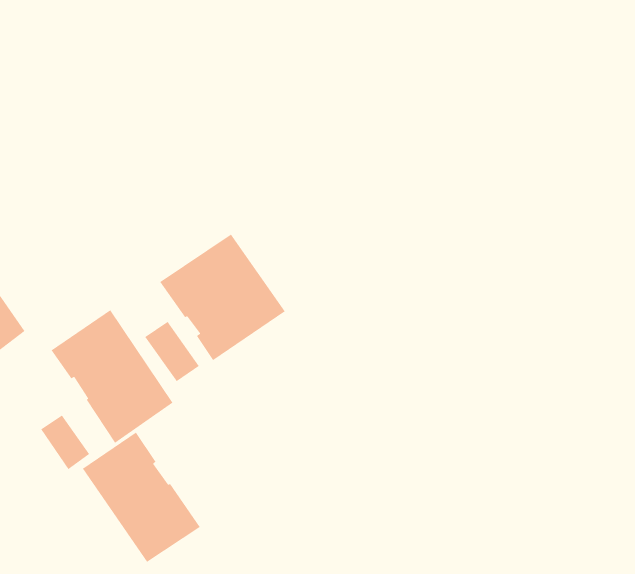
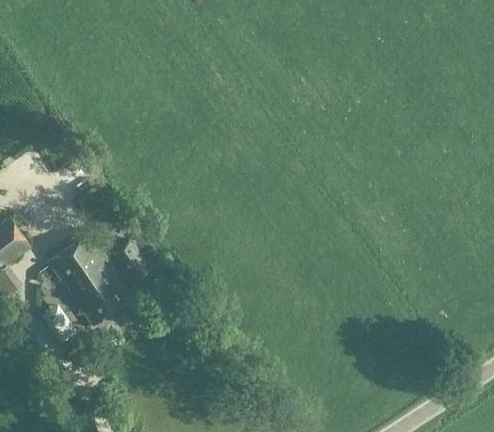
building: [159,233,286,361] -> none
building: [82,432,201,563] -> none

